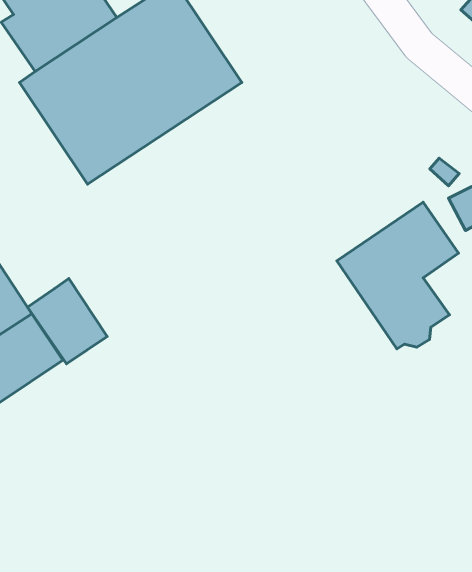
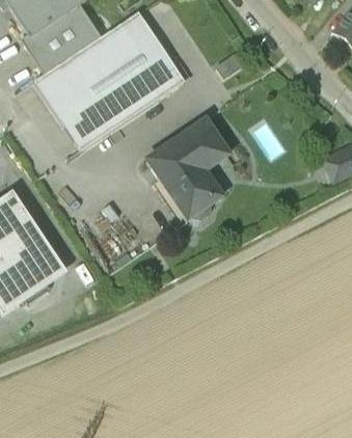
building: [337,202,459,349] -> [145,119,227,218]
building: [27,279,107,364] -> none

